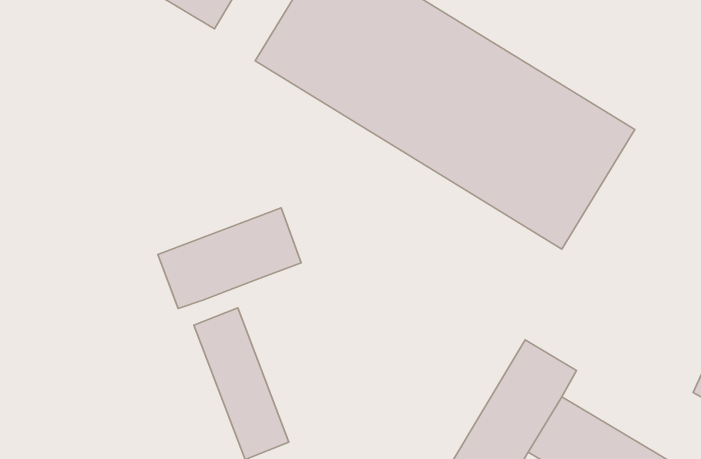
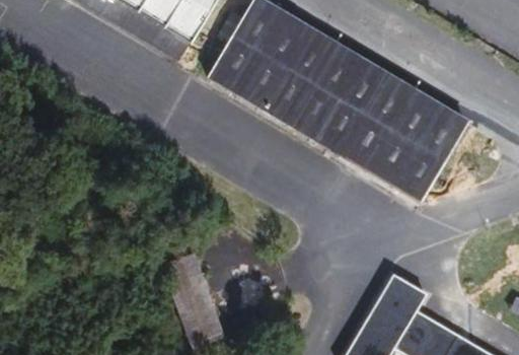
building: [158,208,301,309] -> none

